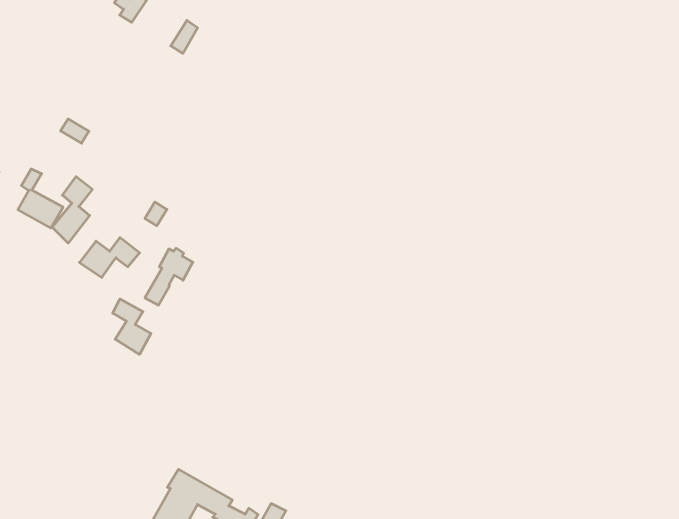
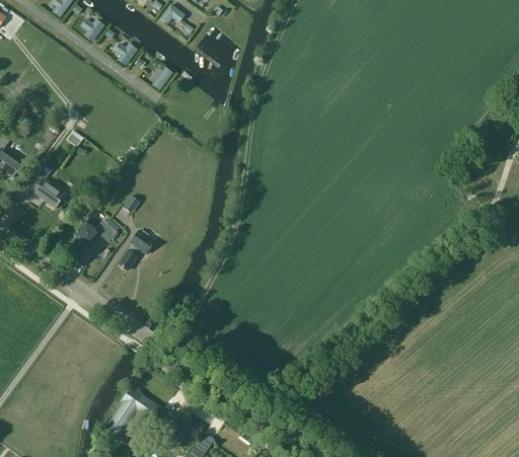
building: [52,177,92,243] -> none
building: [113,299,151,354] -> none

